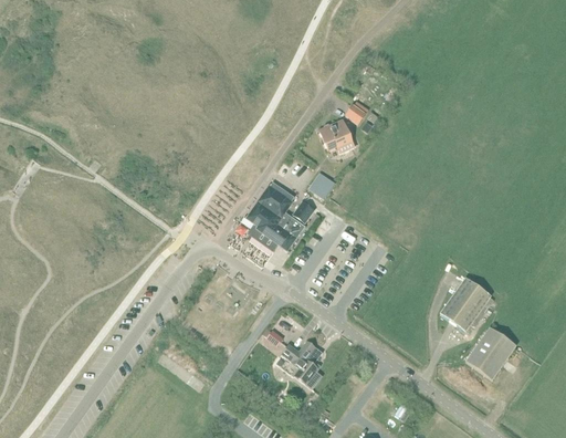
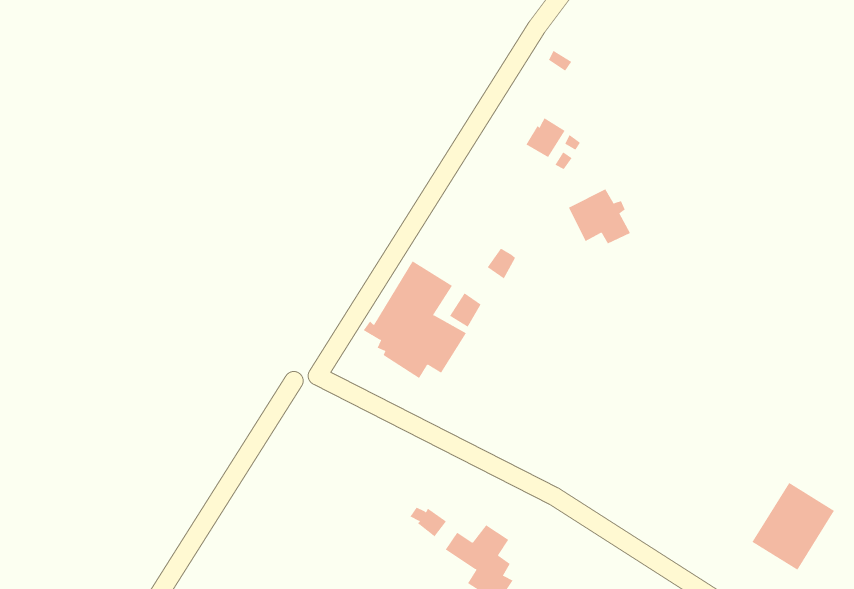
building: [319,118,356,152] -> [568,189,631,244]
building: [440,277,491,331] -> none

